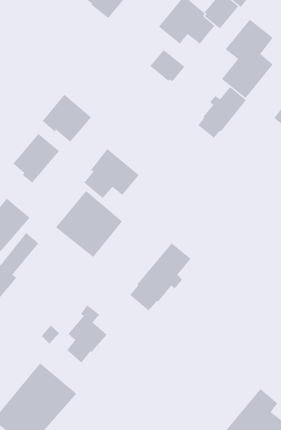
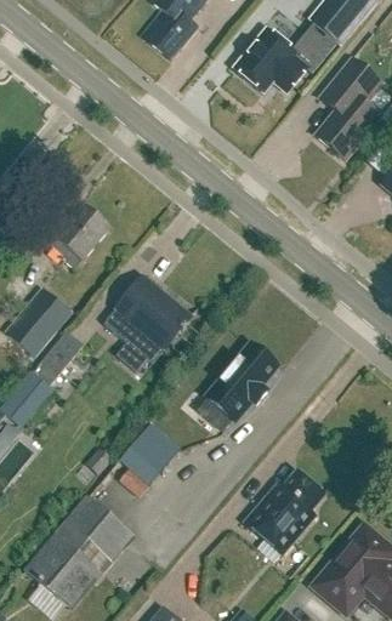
building: [150,49,185,82] -> none
building: [198,86,247,139] -> none
building: [42,94,92,143] -> none
building: [84,148,139,199] -> none
building: none -> [244,472,322,553]

